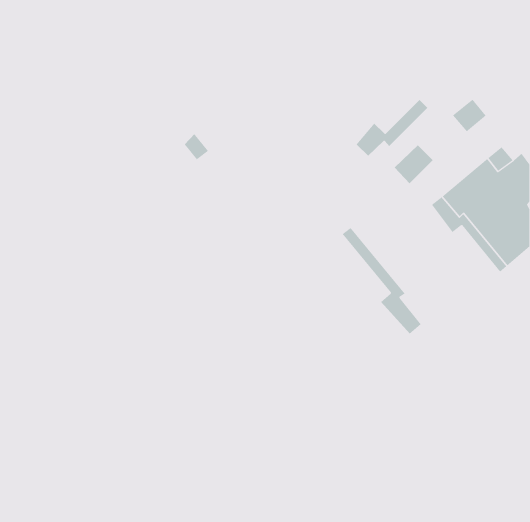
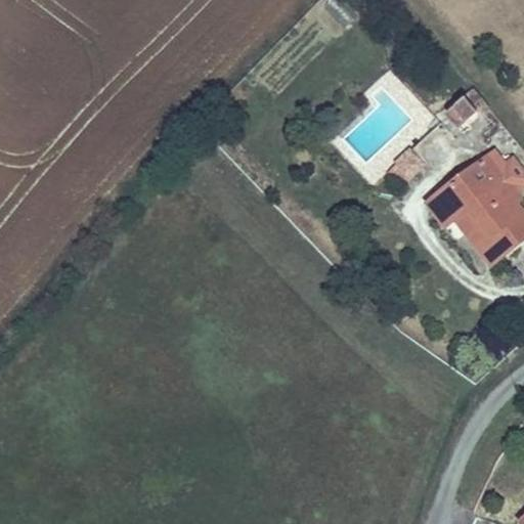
building: [356,99,428,156] -> none
building: [342,227,421,334] -> none

